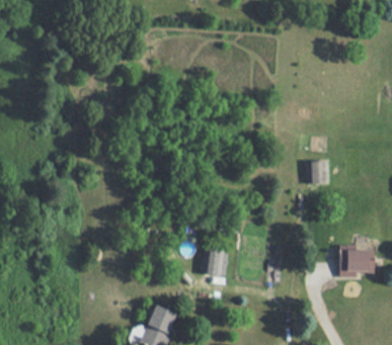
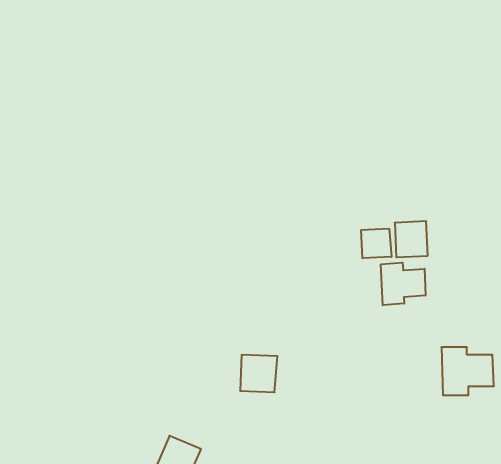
building: none -> [361,229,391,258]
building: none -> [381,263,425,305]

